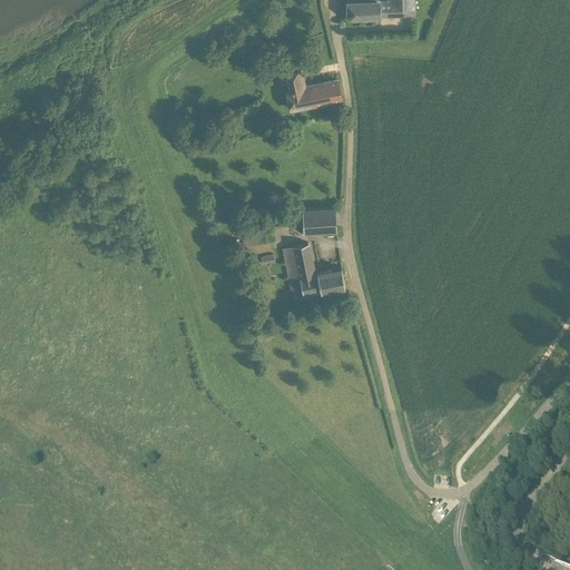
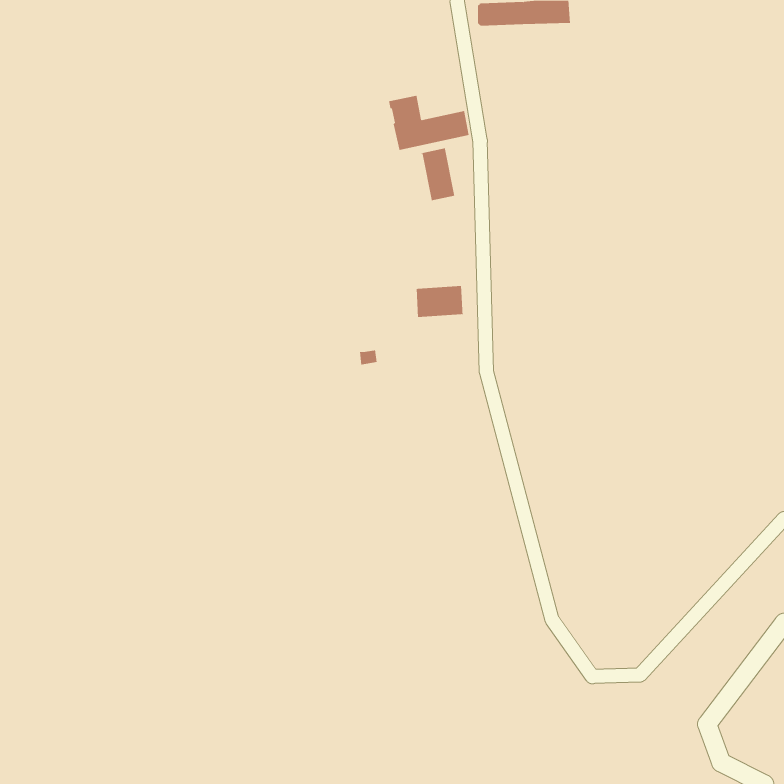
building: none -> [420,147,455,201]
building: [283,243,345,297] -> none

